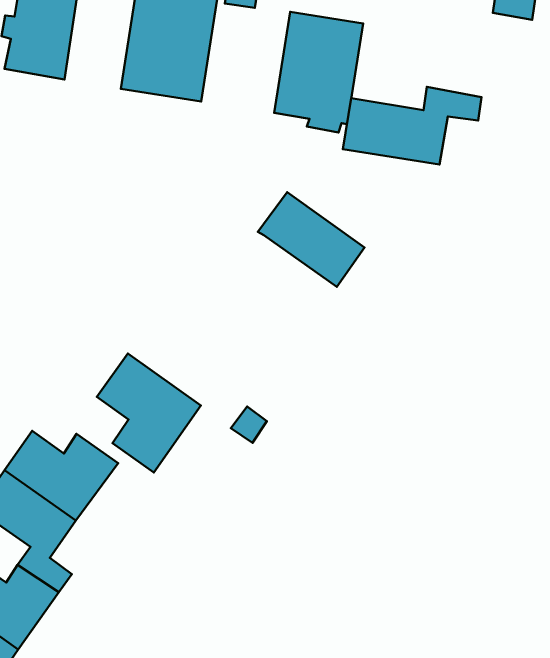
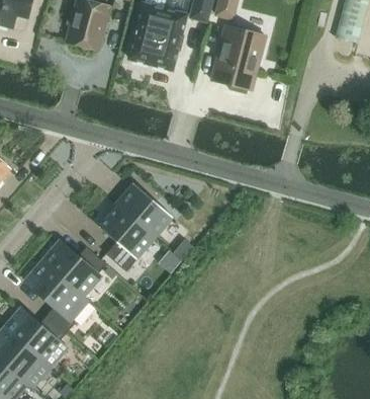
building: [343,87,481,164] -> none
building: [258,192,364,287] -> [115,181,173,236]

